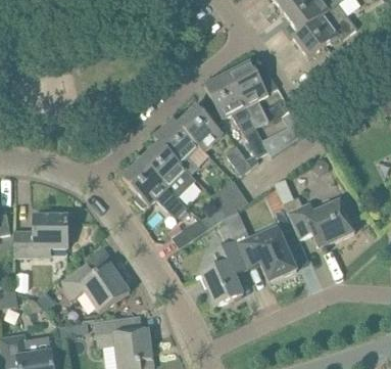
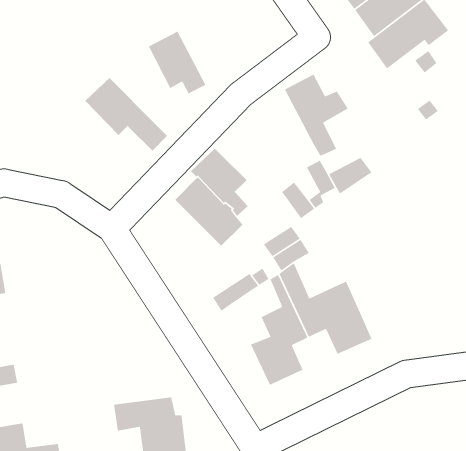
building: [203,73,249,123] -> [148,31,206,94]
building: [178,105,222,150] -> none
building: [121,159,187,218] -> [85,77,168,151]
building: [283,195,353,247] -> none
building: [13,213,67,256] -> none
building: [62,263,129,313] -> none

